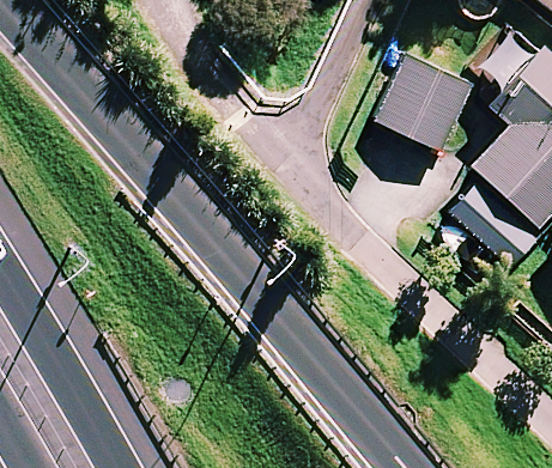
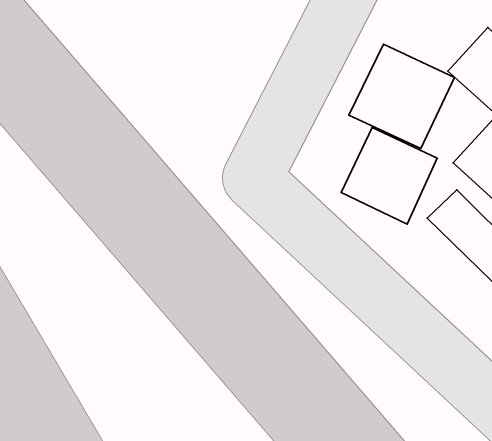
building: none -> [341,127,437,224]

